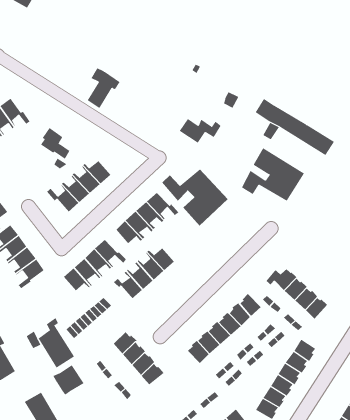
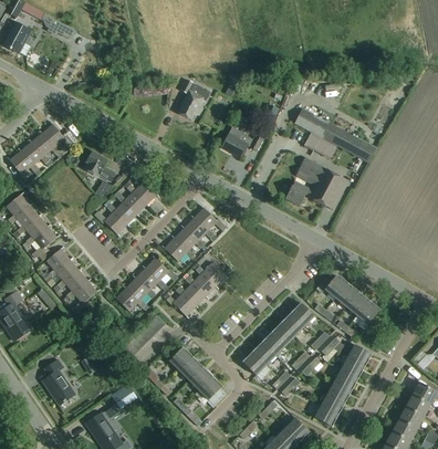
building: [87,67,120,109] -> [178,79,210,119]
building: [162,168,229,226] -> none
building: [38,317,75,369] -> none

